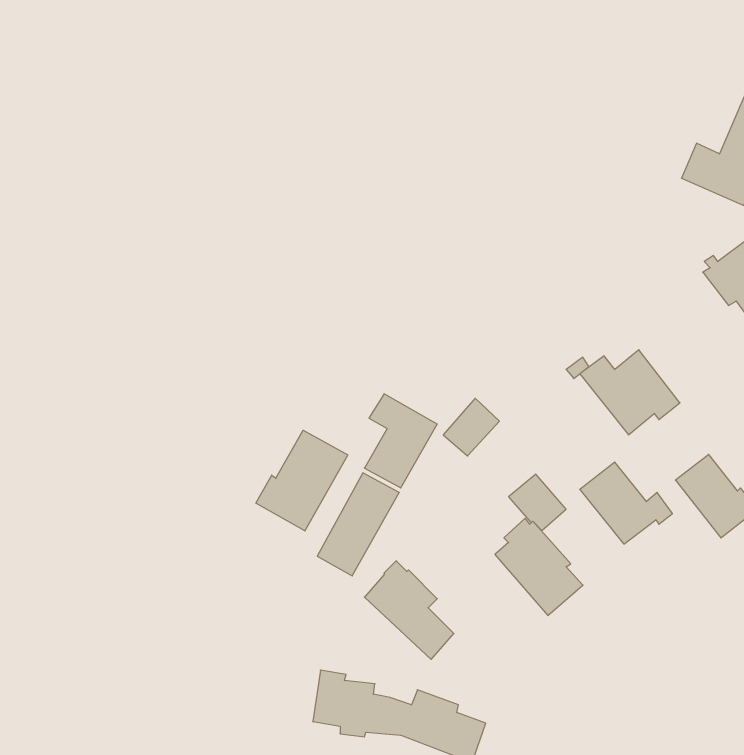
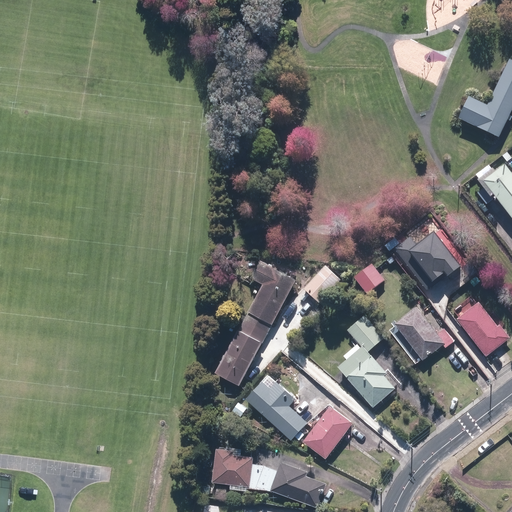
building: none -> [352,264,383,295]
building: [256,430,348,531] -> none
building: none -> [305,402,356,456]

